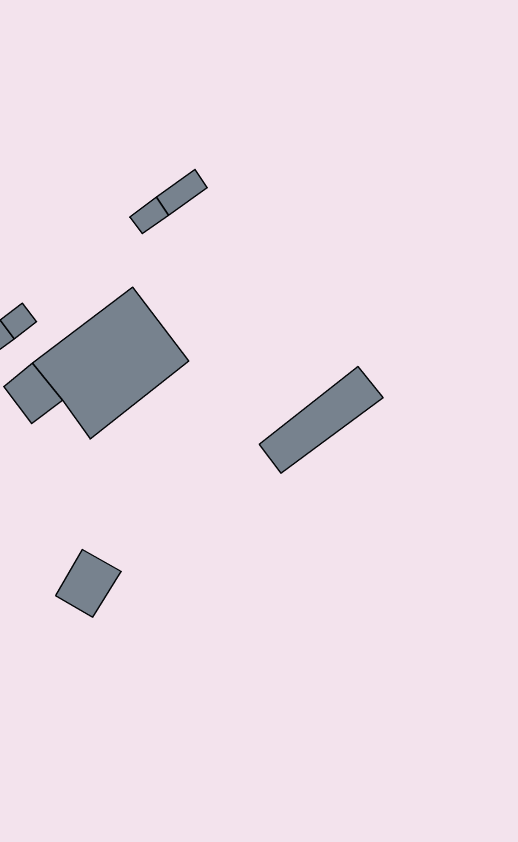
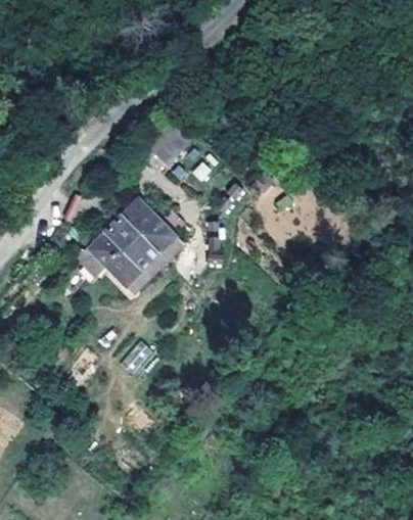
building: [259,367,383,473] -> [126,231,191,296]

